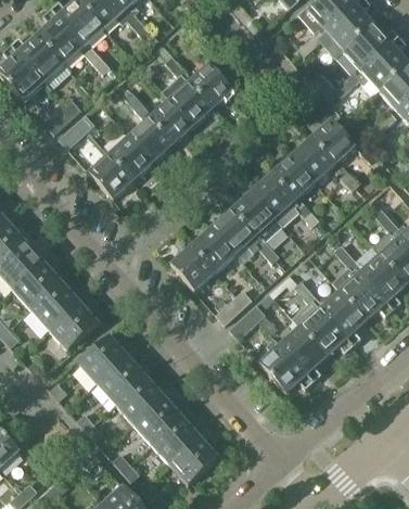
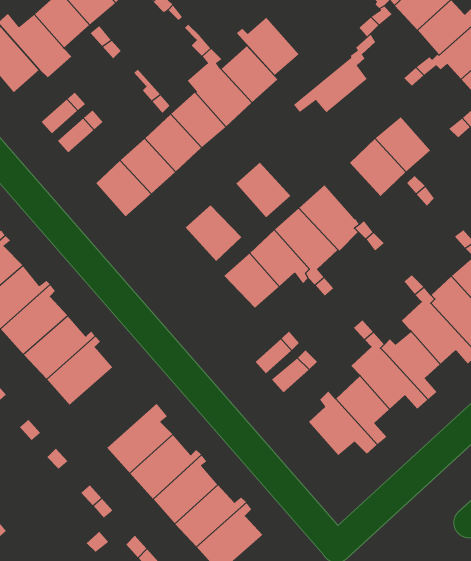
building: none -> [236,17,300,76]
building: none -> [293,34,376,113]
building: [270,156,315,201] -> [235,162,291,218]
building: [169,246,215,292] -> [185,204,242,262]
building: [78,332,137,383] -> none

